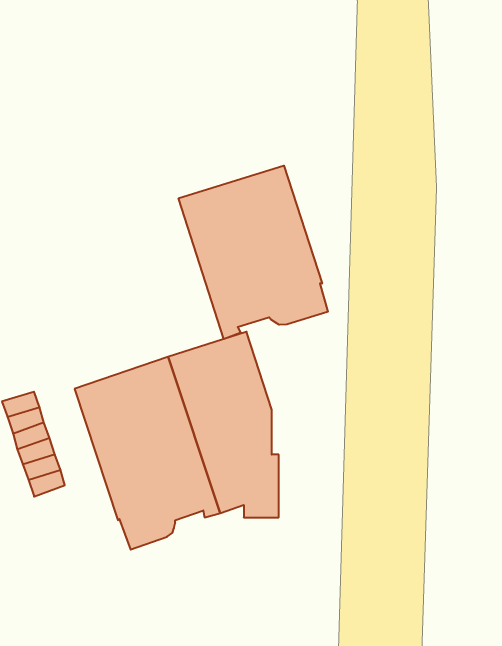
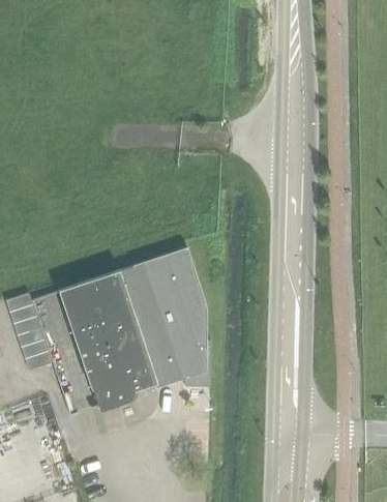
building: [179,166,328,339] -> none

